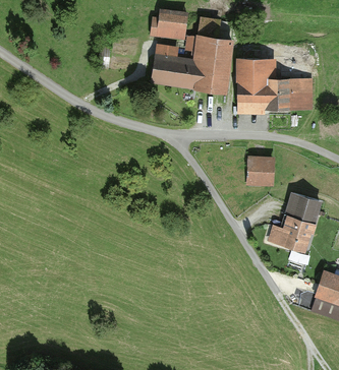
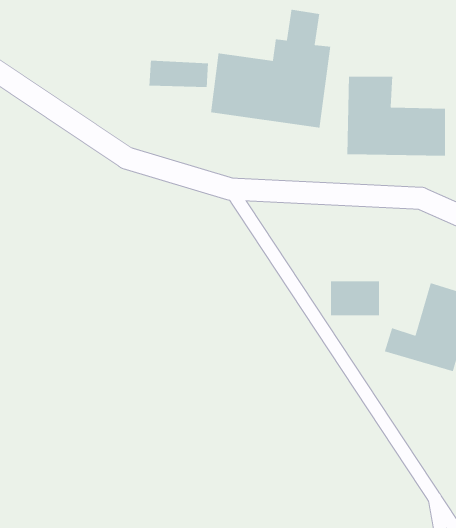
building: [148,18,187,37] -> [148,60,209,88]
building: [244,160,277,183] -> [330,281,380,316]

